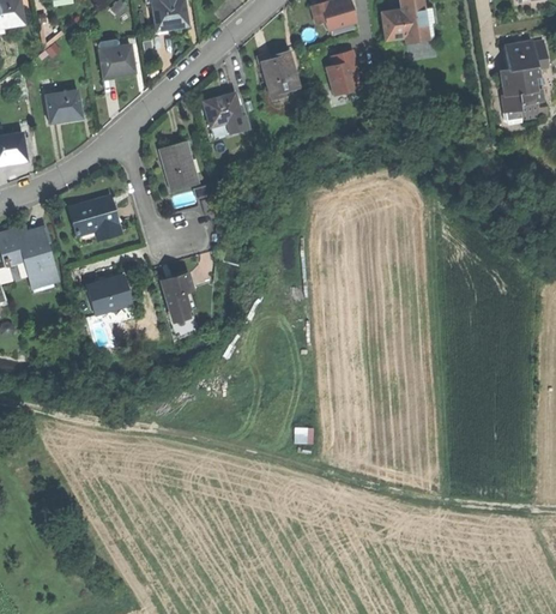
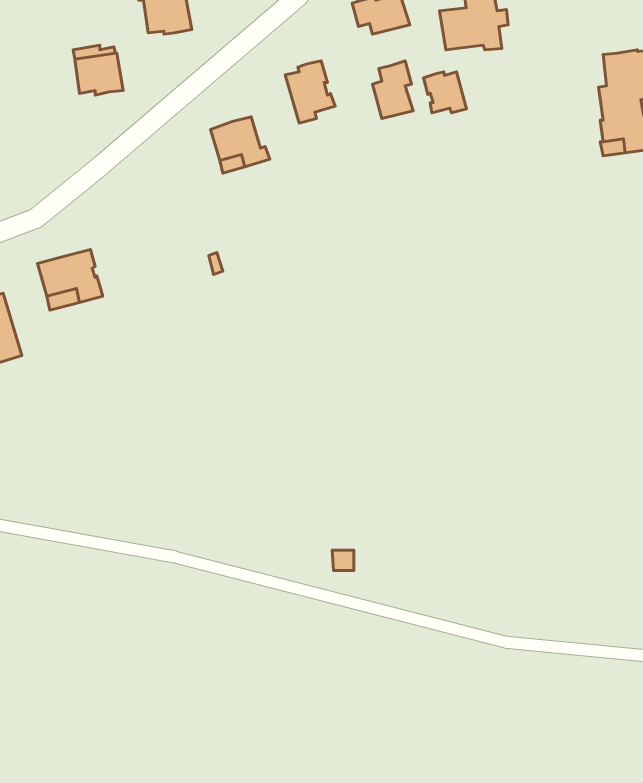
building: none -> [423,72,466,113]
building: [47,90,83,121] -> none
building: [158,140,198,189] -> none
building: [86,273,131,313] -> none
building: [162,273,195,321] -> none

